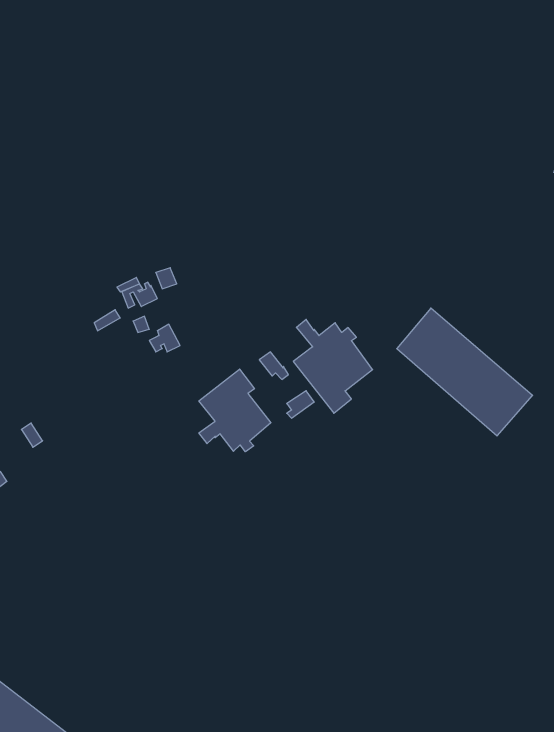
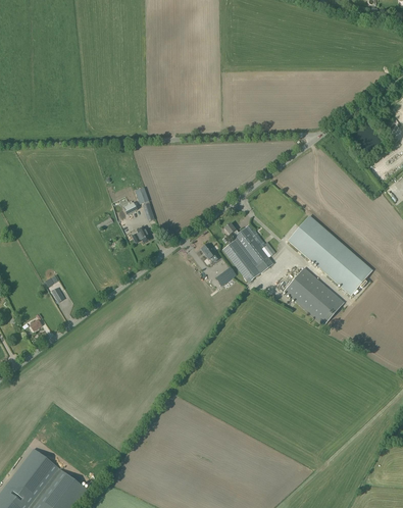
building: [199,369,271,452] -> none
building: none -> [284,267,344,325]

